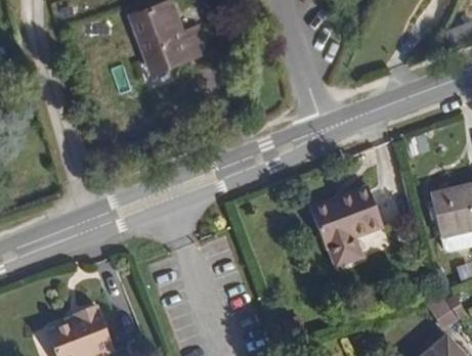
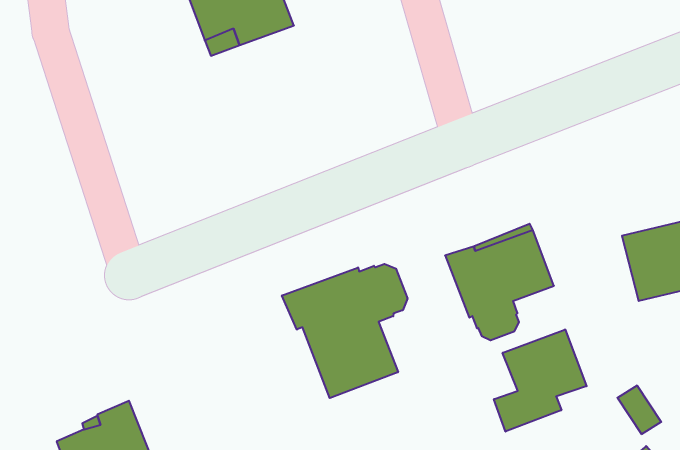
building: none -> [282,264,407,398]
building: none -> [494,329,587,432]

